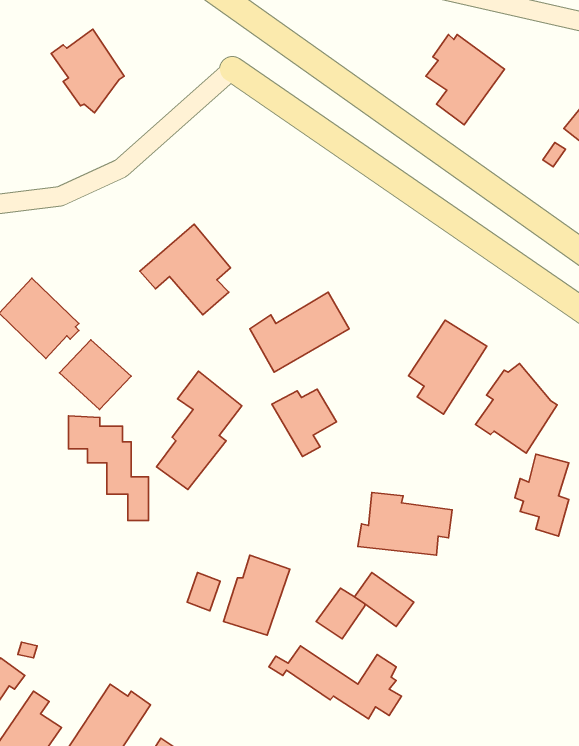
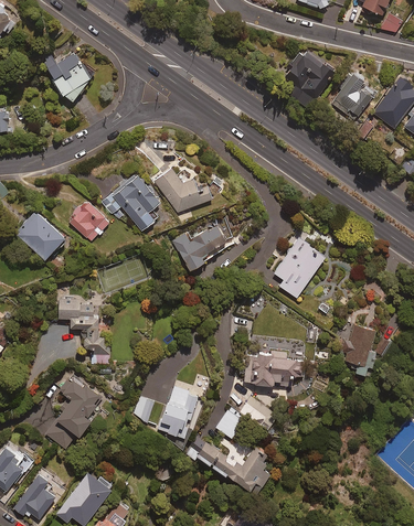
building: none -> [331,78,371,124]
building: none -> [153,164,213,212]
building: [60,340,131,409] -> [66,196,112,240]
building: [476,364,557,453] -> none
building: [156,371,242,490] -> [45,373,99,448]
building: [272,389,337,457] -> none

